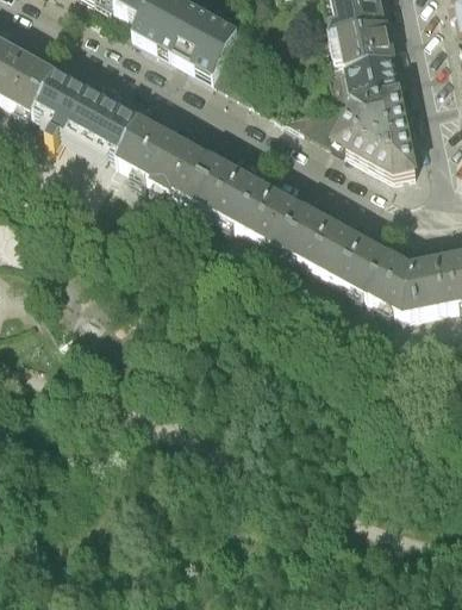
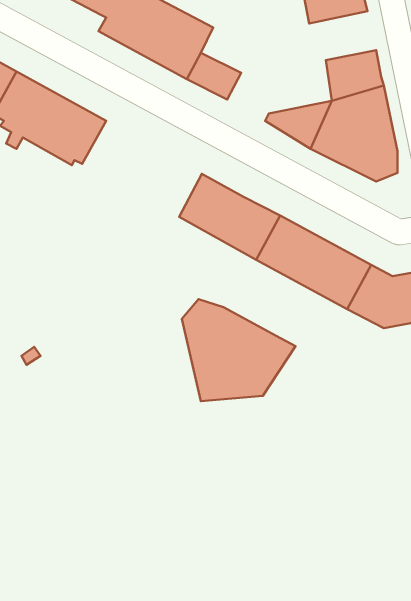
building: [331,12,394,58] -> none
building: [117,116,230,206] -> none
building: none -> [182,299,295,401]

